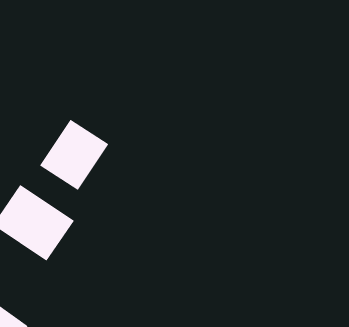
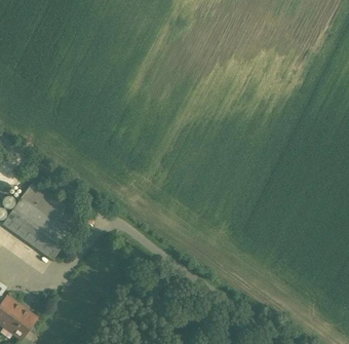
building: [39,119,109,191] -> none

